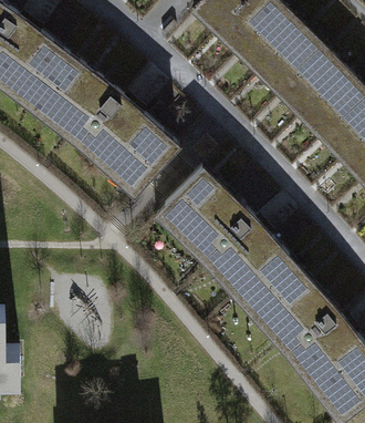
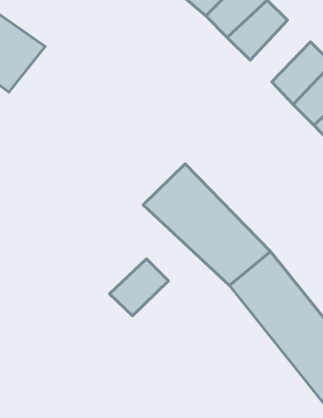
building: [262,28,321,87] -> none
building: [28,53,178,183] -> none
building: none -> [110,259,168,316]

